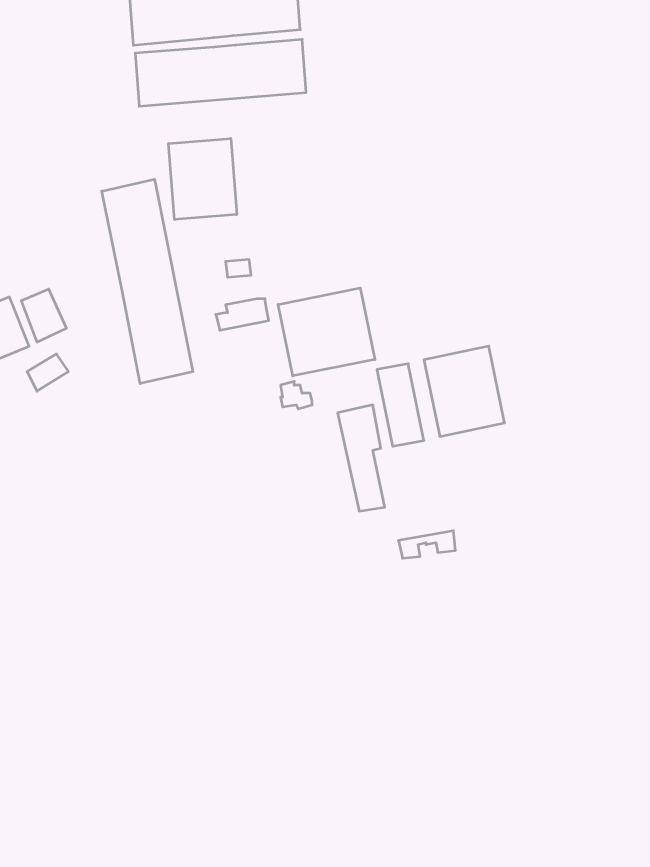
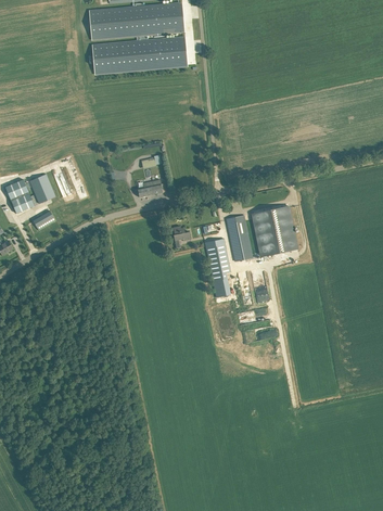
building: [169,138,237,220] -> none
building: [102,179,193,384] -> none
building: [278,288,375,376] -> none

